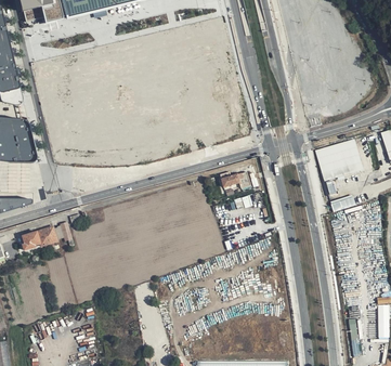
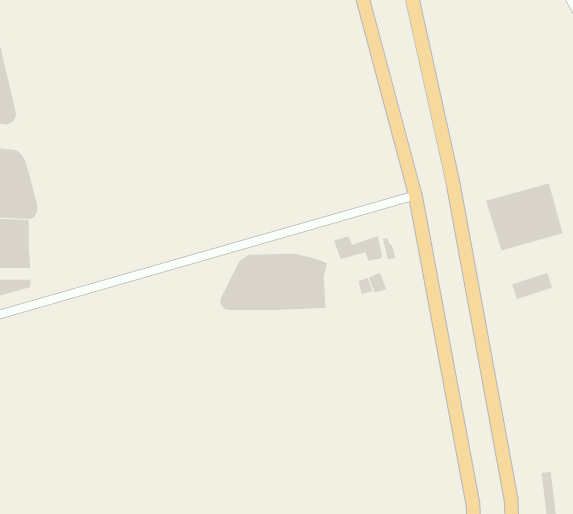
building: none -> [220,253,327,311]
building: [21,222,73,249] -> none

